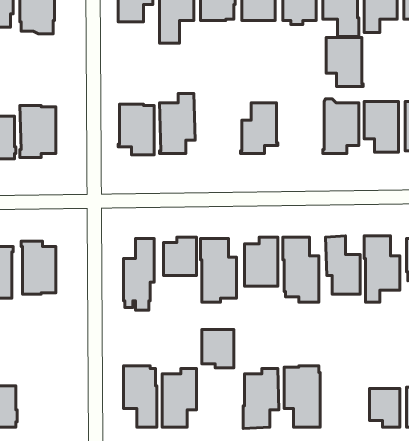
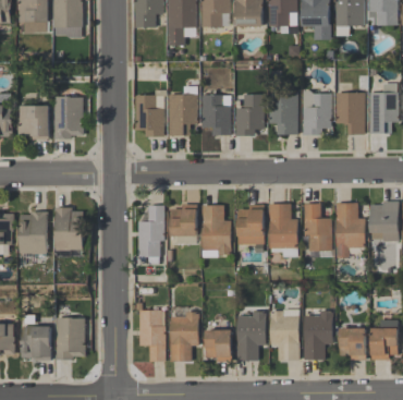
building: [326,37,363,87] -> [268,94,298,134]
building: none -> [202,95,231,135]
building: [202,329,234,368] -> [206,329,232,361]
building: none -> [304,311,332,360]
building: none -> [56,317,85,359]

